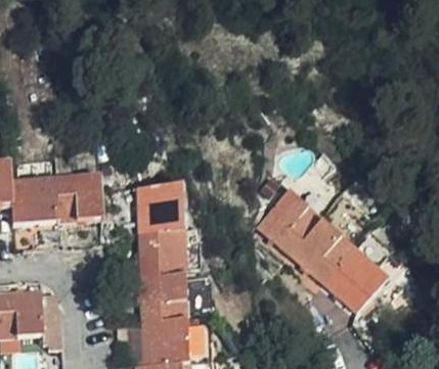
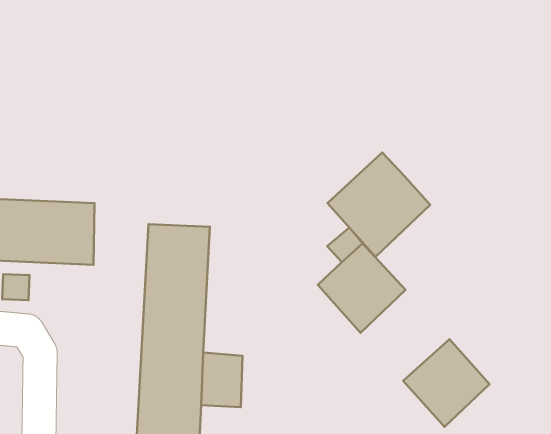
building: none -> [328,153,430,257]
building: [292,217,354,280] -> none

